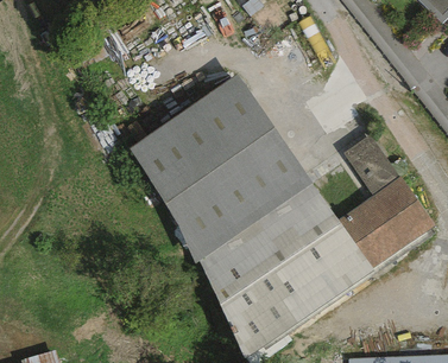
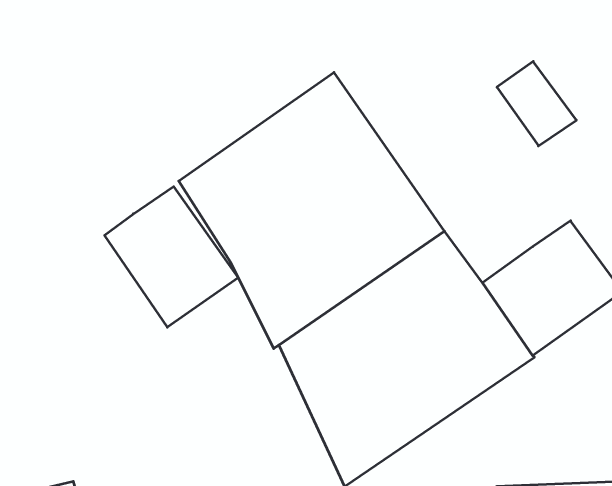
building: [345,135,399,193] -> [497,61,576,146]
building: none -> [105,187,238,327]

